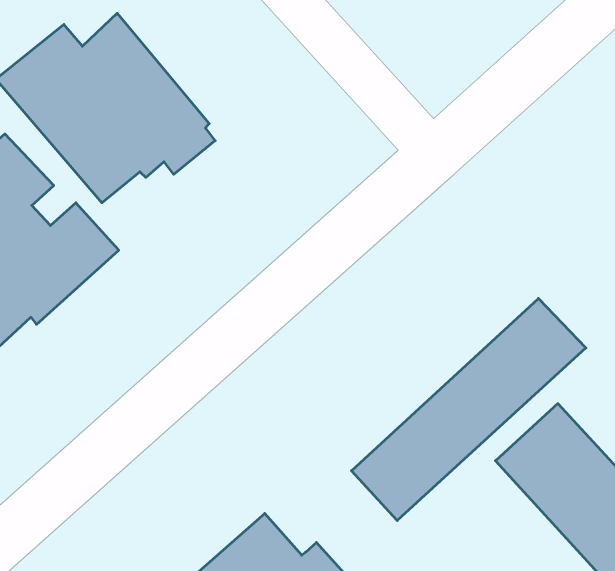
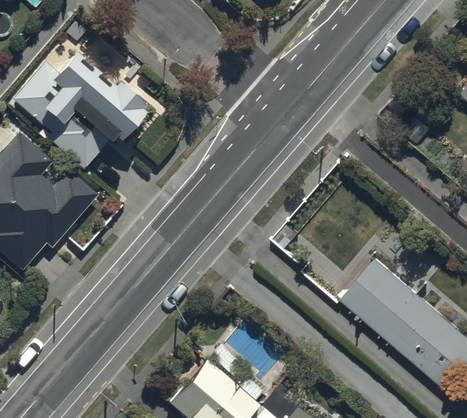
building: [351,298,586,521] -> none

